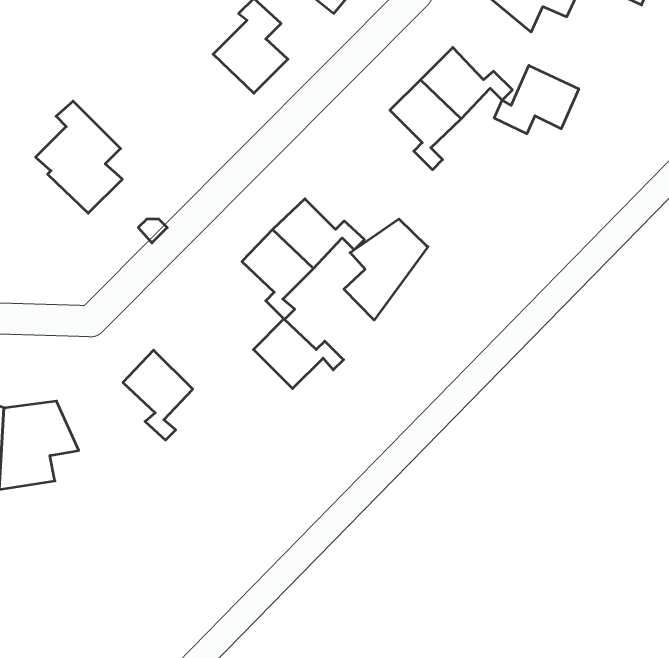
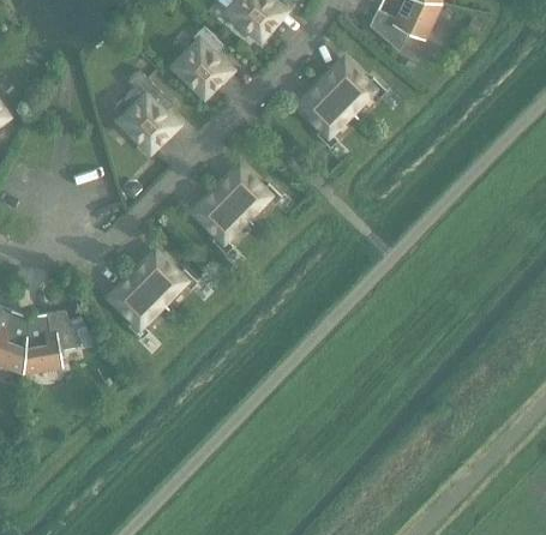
building: [494,65,579,134] -> none
building: [36,101,122,213] -> [109,70,170,149]
building: [344,219,428,320] -> none
building: [253,319,344,389] -> [130,253,193,302]

